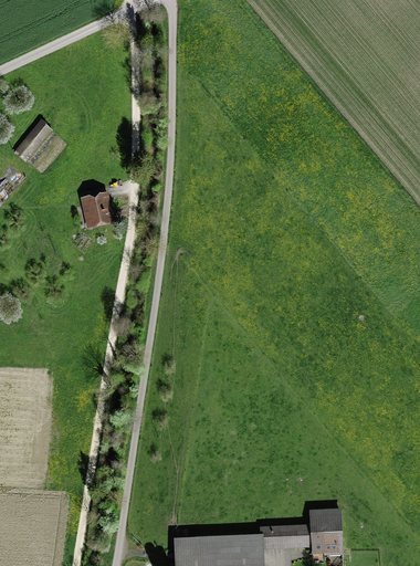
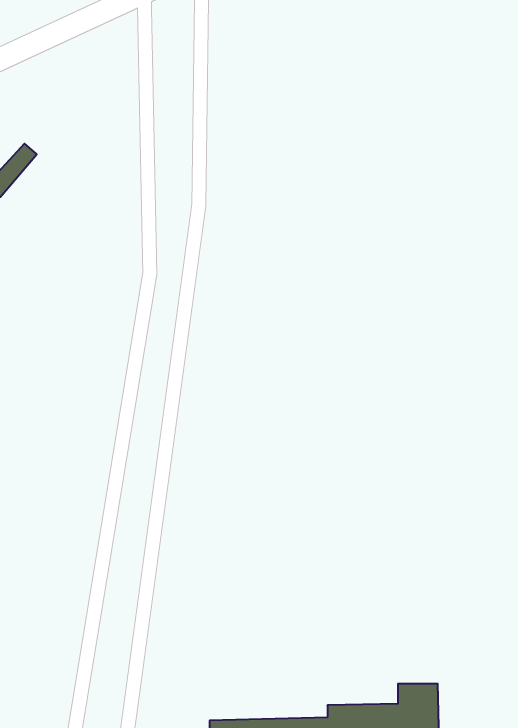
building: [82,191,108,224] -> none

